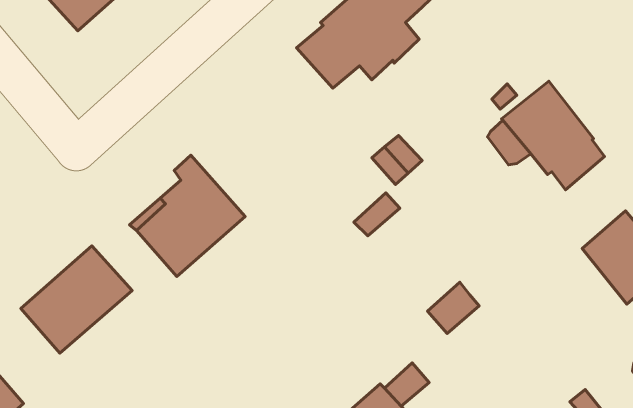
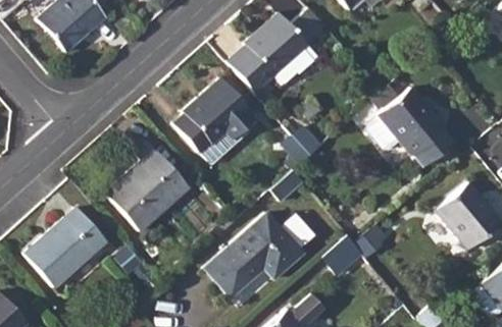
building: none -> [174,77,256,161]
building: none -> [204,212,303,296]

